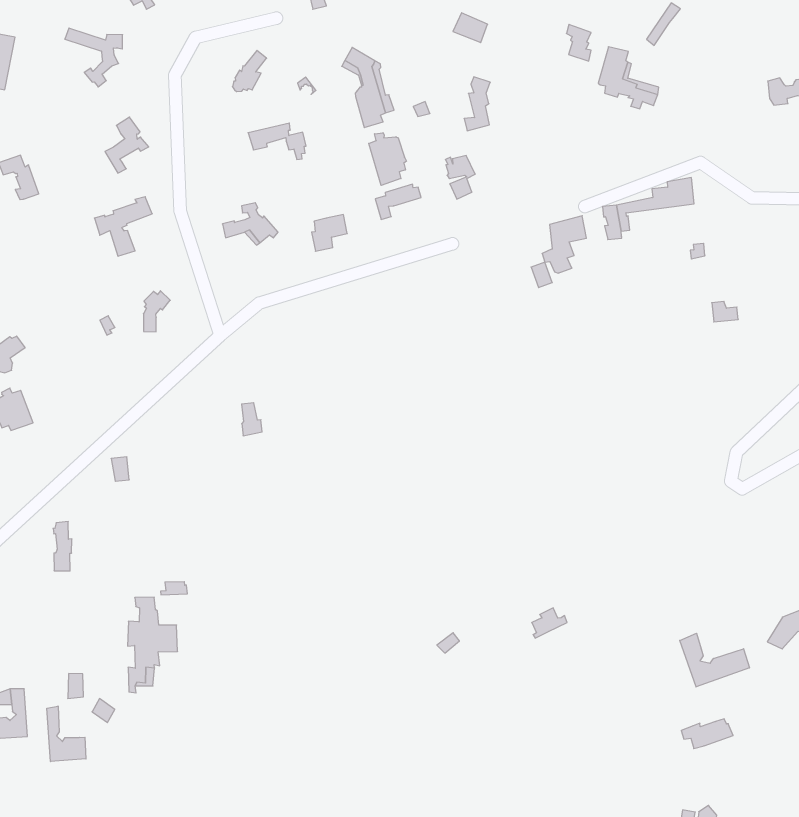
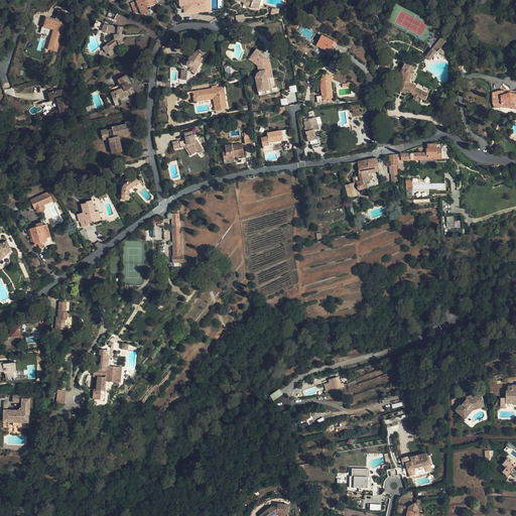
building: [369,133,406,185] -> none
building: none -> [78,200,102,227]
building: [680,633,749,687] -> none
building: [47,706,86,762] -> none
building: none -> [350,467,372,487]

